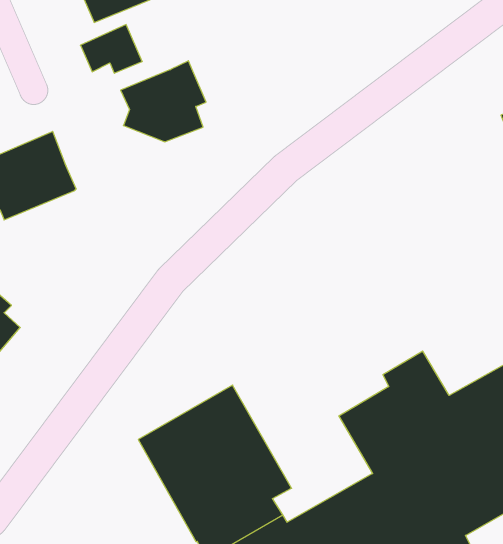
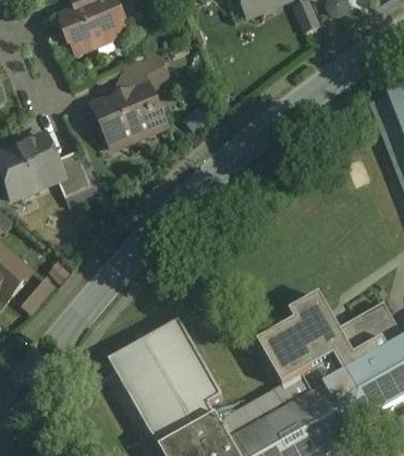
building: [80,25,142,73] -> [124,52,170,88]
building: none -> [56,149,93,195]

